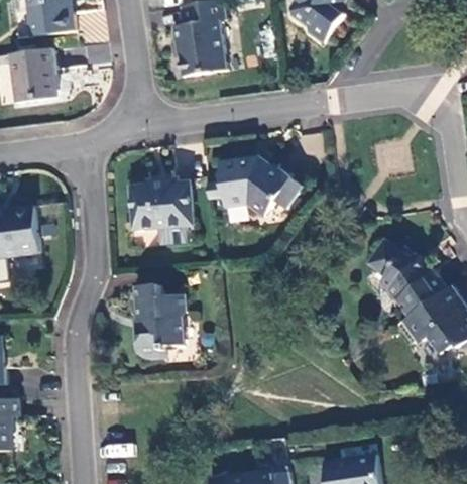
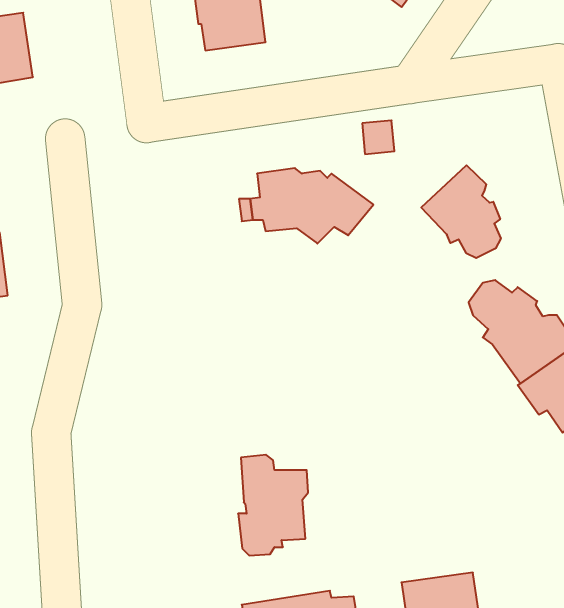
building: none -> [421,165,501,258]
building: [134,183,193,230] -> none
building: [135,284,186,357] -> [238,455,308,555]

